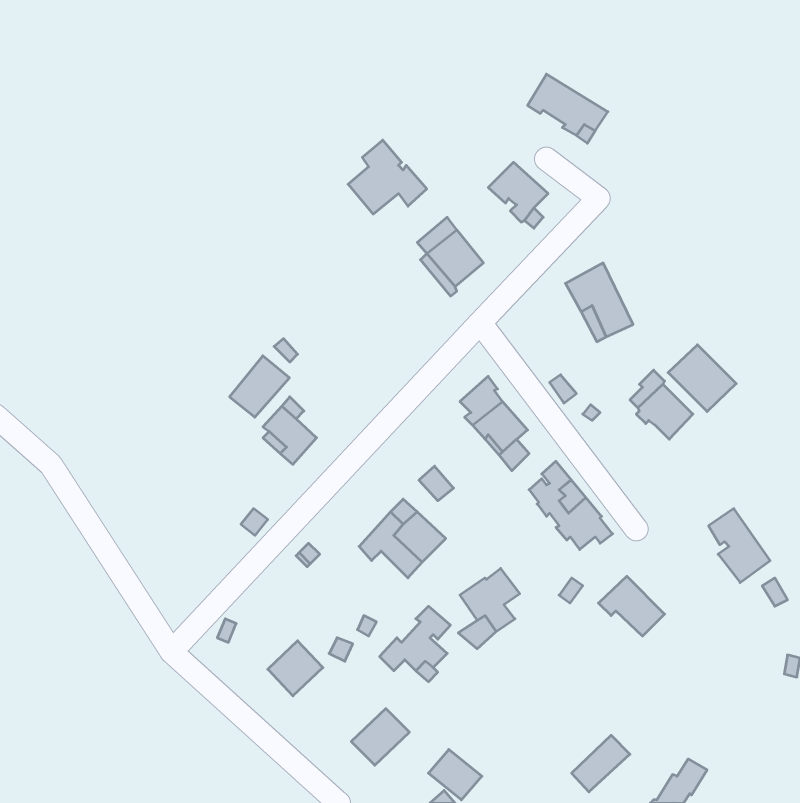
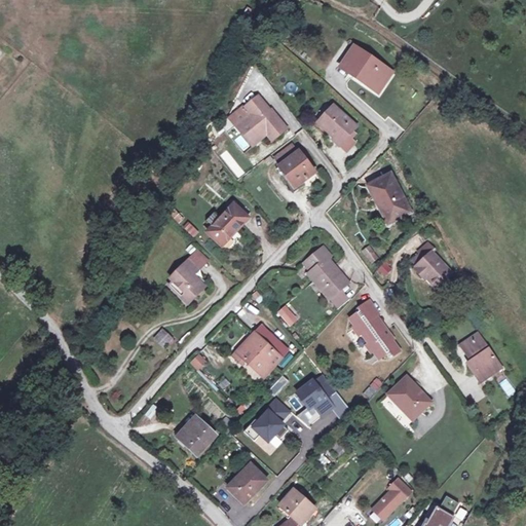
building: [668,345,736,412] -> none
building: [230,356,289,417] -> [208,203,247,243]

